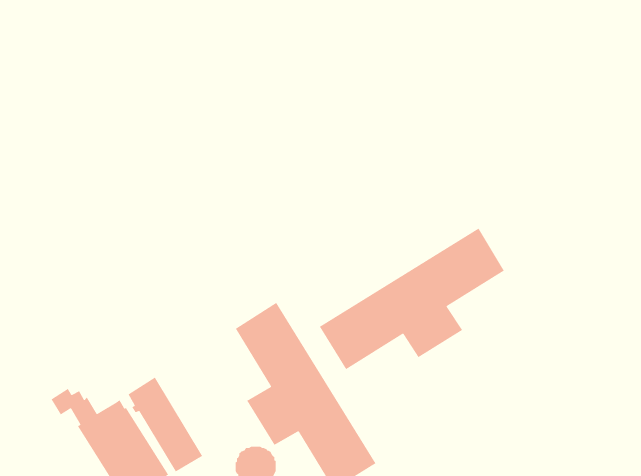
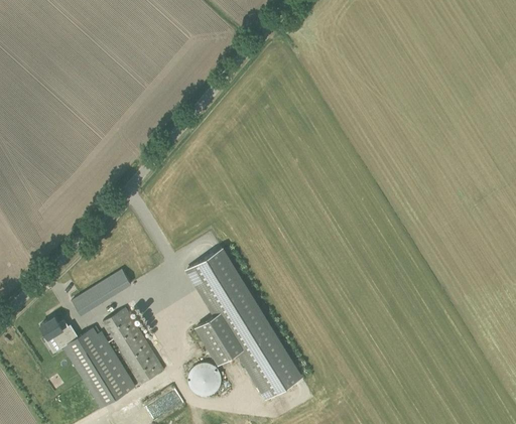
building: [319,228,505,370] -> none
building: none -> [73,270,131,313]

